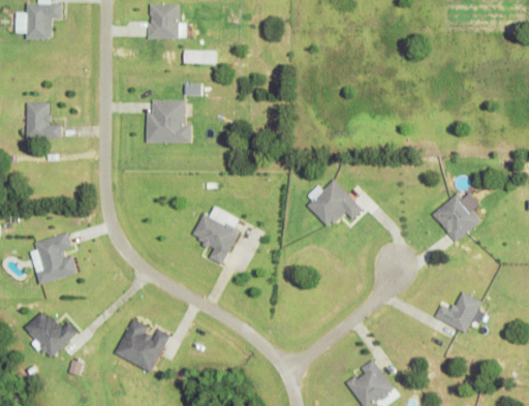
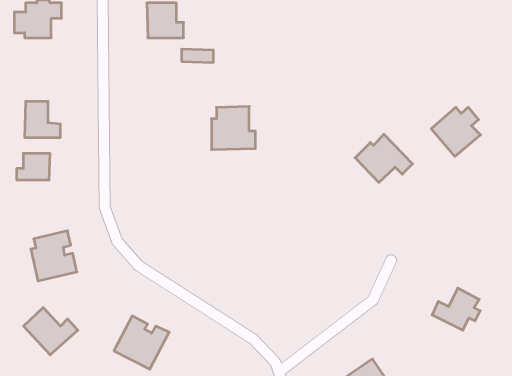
building: [147,99,191,143] -> [211,106,255,150]
building: none -> [17,153,50,180]
building: [304,179,362,227] -> [355,134,413,182]
building: [432,192,481,242] -> [431,107,481,156]
building: [191,207,239,264] -> none

